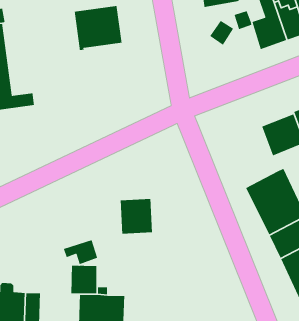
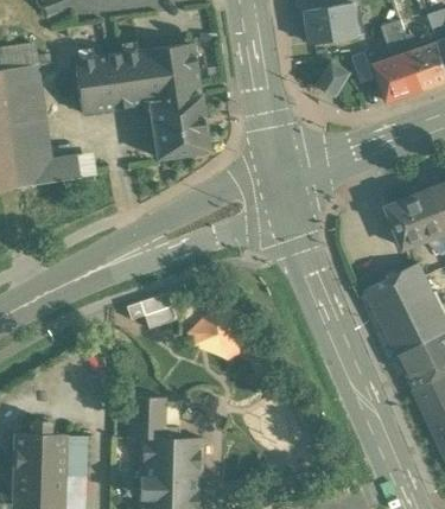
building: none -> [72,50,140,114]
building: none -> [147,94,209,159]
building: [63,239,98,265] -> [127,294,176,330]

